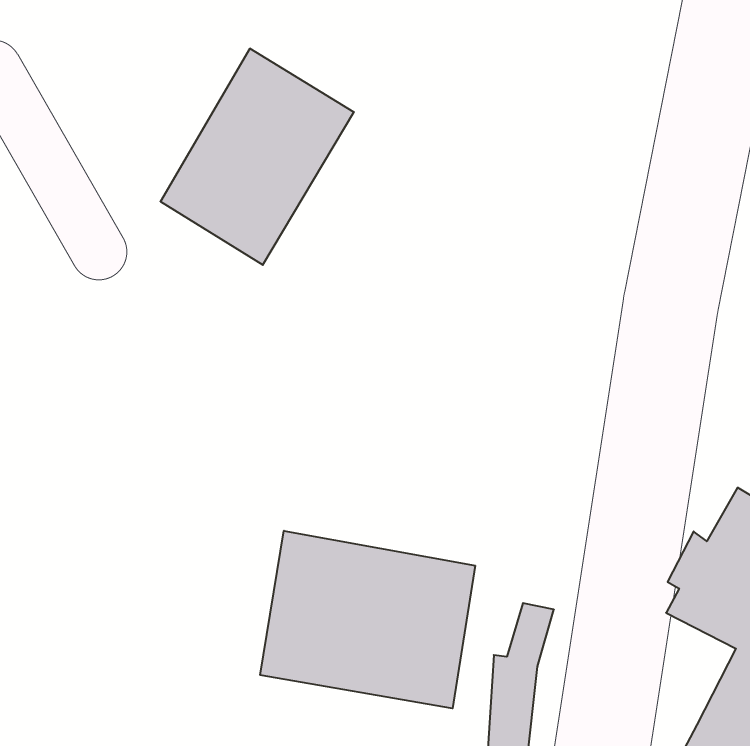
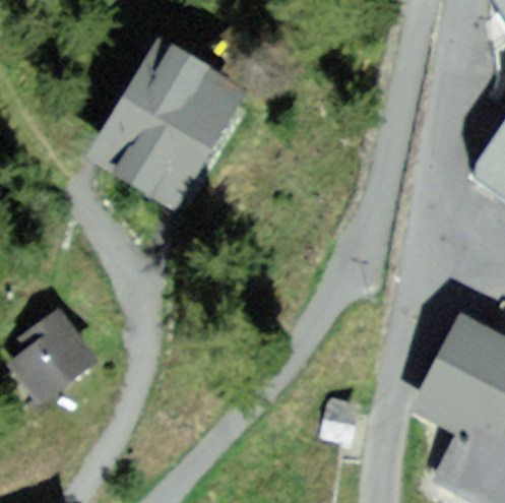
building: none -> [17,310,93,394]
building: [260,531,475,708] -> none

